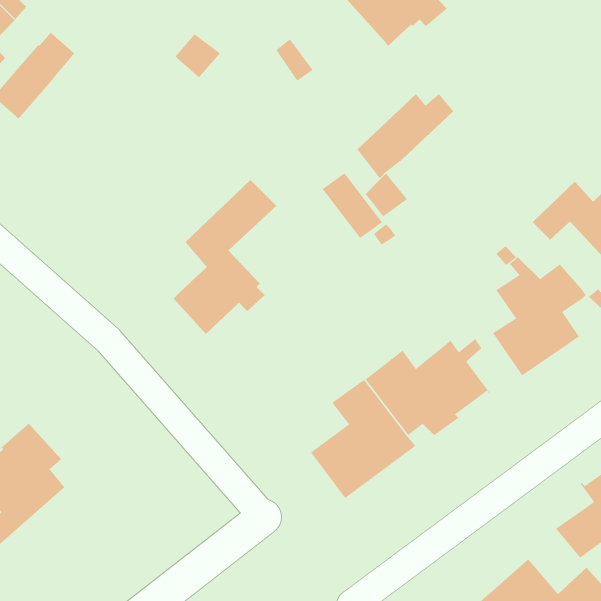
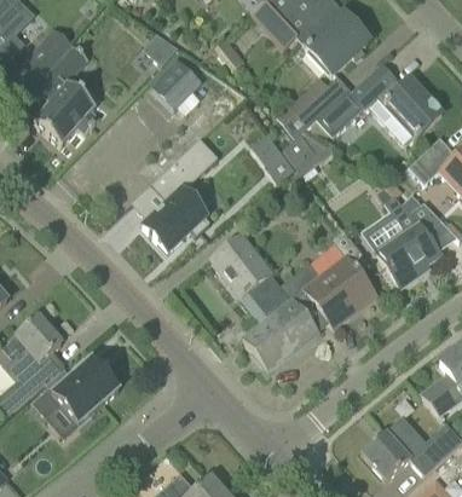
building: none -> [300,15,368,75]
building: none -> [151,58,202,112]
building: none -> [311,65,443,144]
building: none -> [29,70,100,146]
building: none -> [212,236,281,302]
building: none -> [34,359,119,424]

